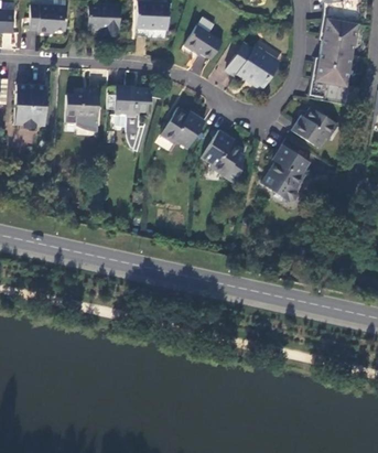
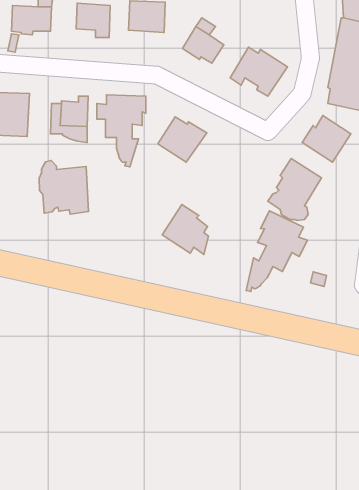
building: [202,130,244,175] -> [162,204,209,255]
building: none -> [39,161,89,214]
building: none -> [246,211,308,292]

